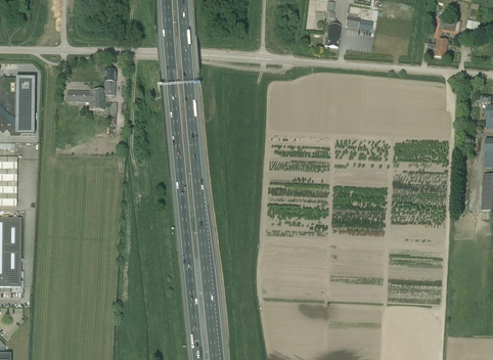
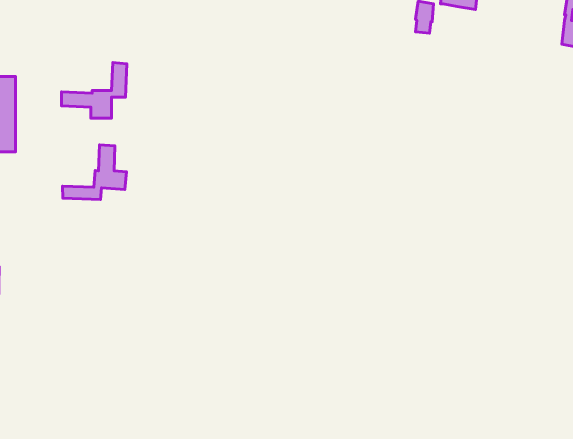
building: none -> [63,145,127,200]

